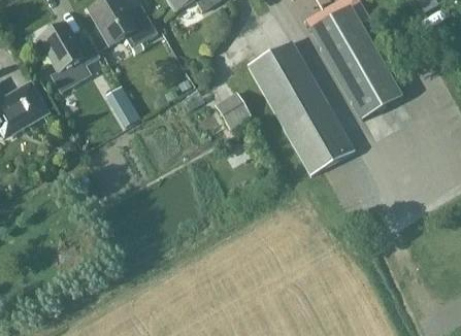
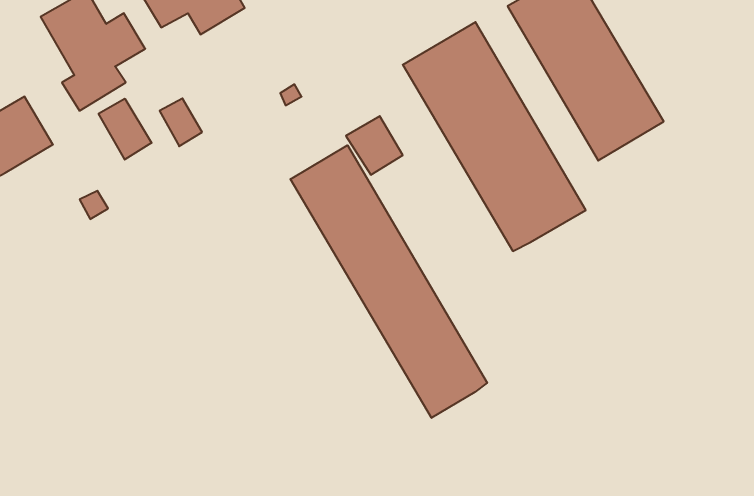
building: none -> [99,99,152,160]
building: none -> [290,145,487,418]

